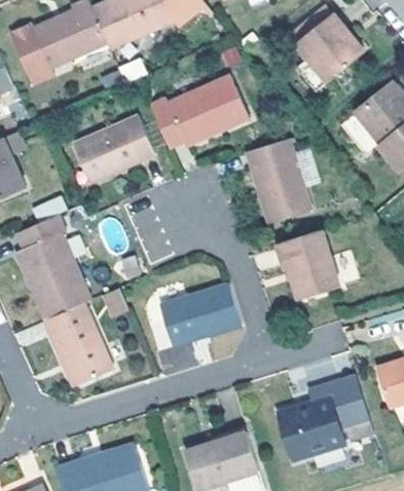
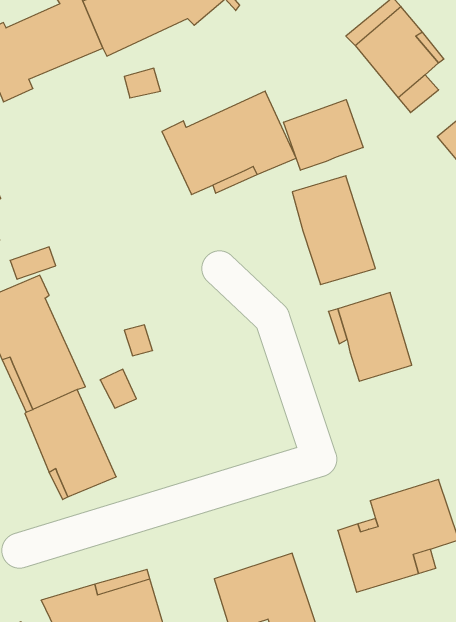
building: none -> [284,100,363,170]
building: [74,121,156,190] -> none
building: [160,282,243,347] -> none

